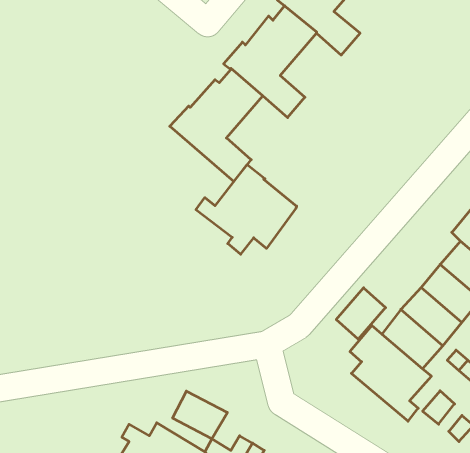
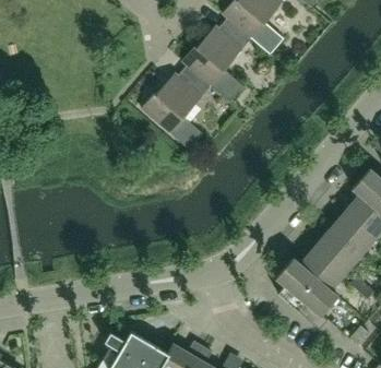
building: [196,165,297,254] -> none
building: [336,288,386,339] -> none
building: [173,391,227,439] -> none

